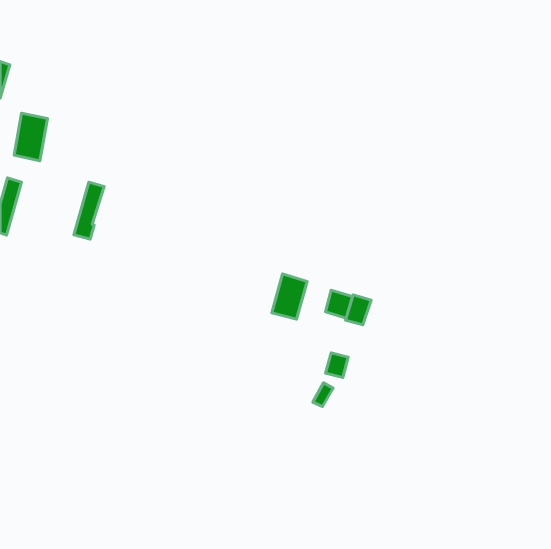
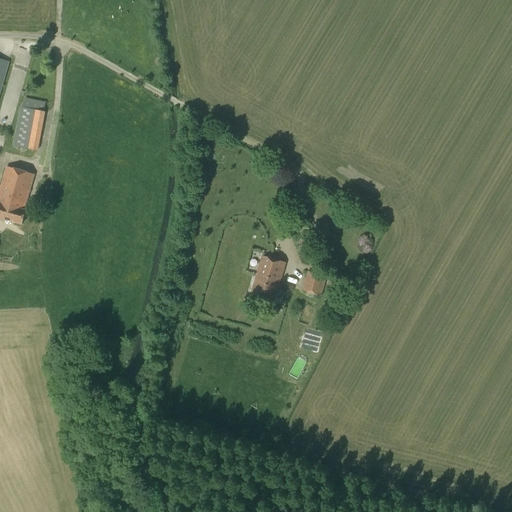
building: [74,182,104,239] -> [6,169,34,222]
building: [346,295,371,325] -> none

